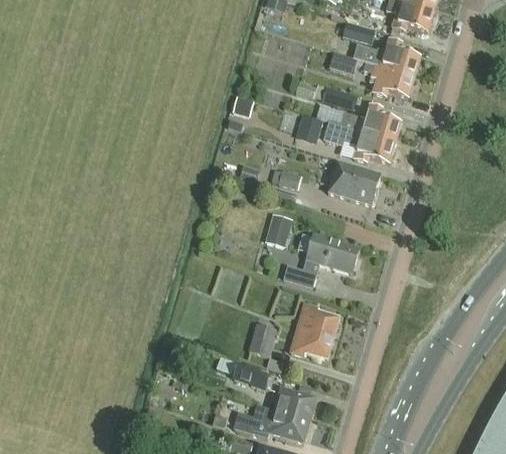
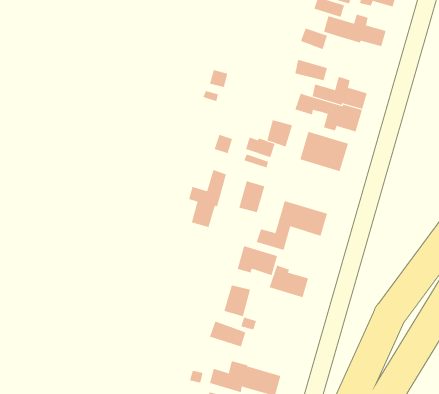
building: [362,61,415,97] -> none
building: [295,115,323,144] -> [266,120,293,147]
building: none -> [189,165,229,228]
building: [289,327,332,359] -> [237,246,278,276]
building: [274,387,315,420] -> none

